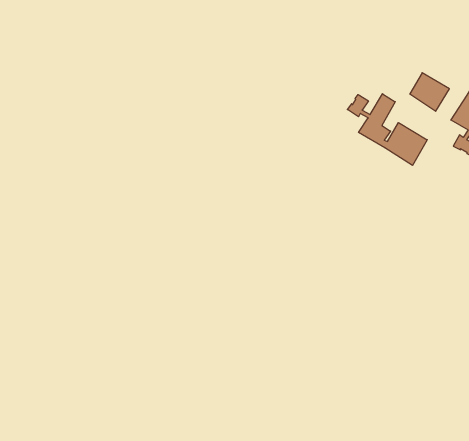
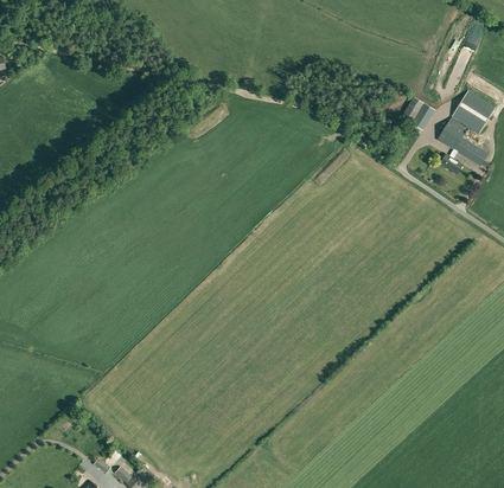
building: [347,94,427,165] -> none

